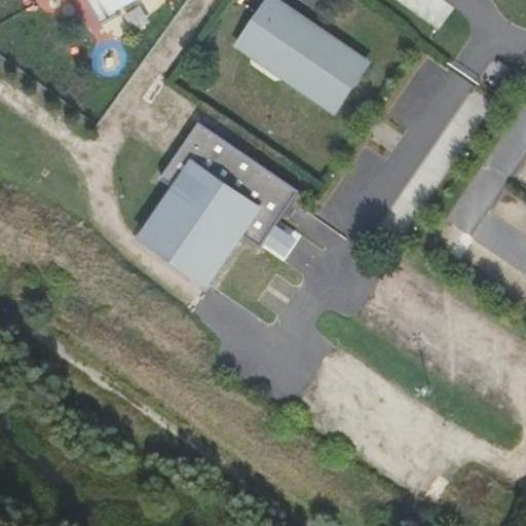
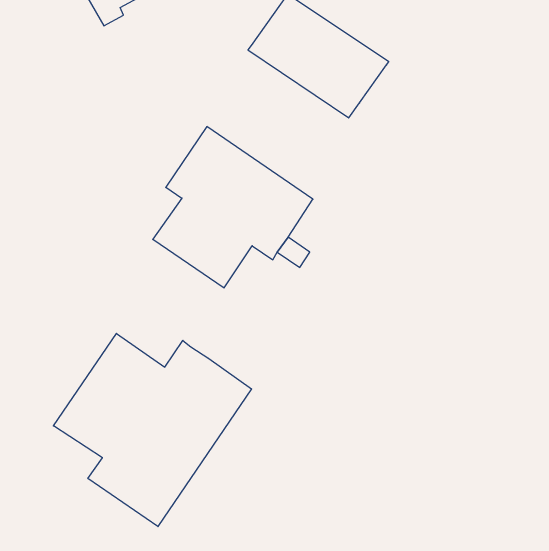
building: [134,227,213,290] -> none
building: none -> [53,333,252,527]

